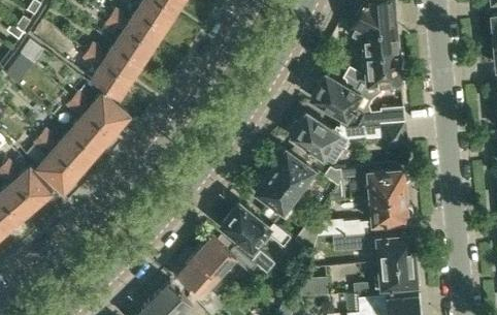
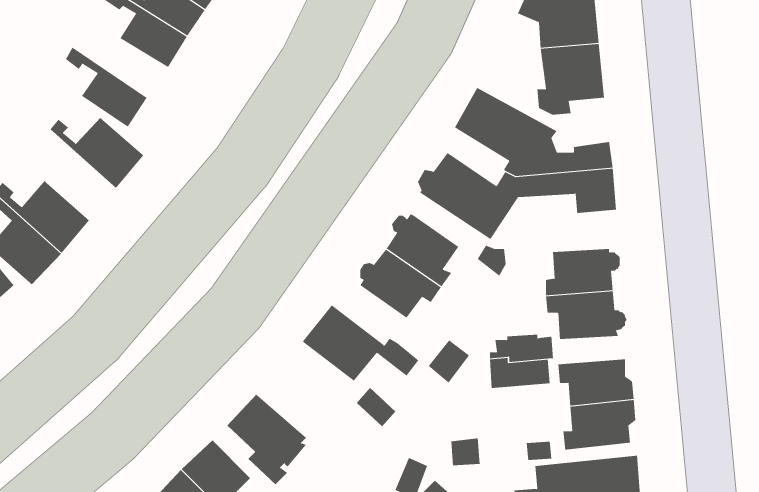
building: [87,44,143,82] -> none
building: [67,100,112,154] -> none
building: [195,235,258,277] -> none

